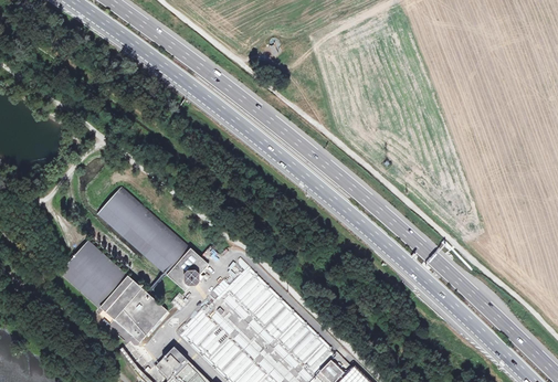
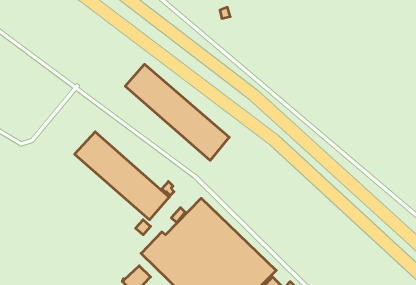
building: none -> [125,64,229,160]
building: [60,240,167,341] -> none

